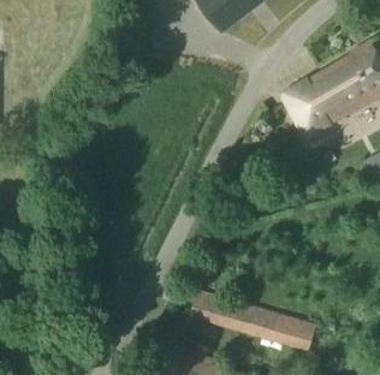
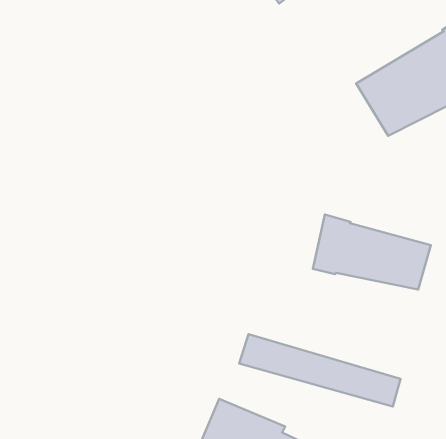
building: none -> [313,215,431,289]

